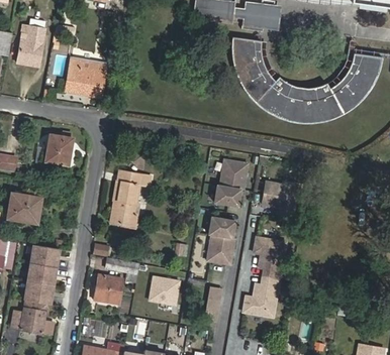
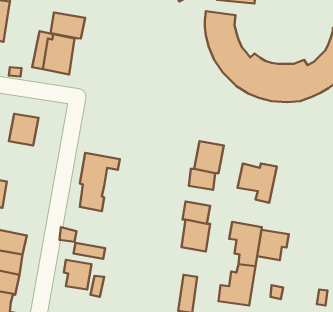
building: none -> [50,12,85,39]
building: none -> [257,230,289,260]
building: [151,276,180,305] -> none

